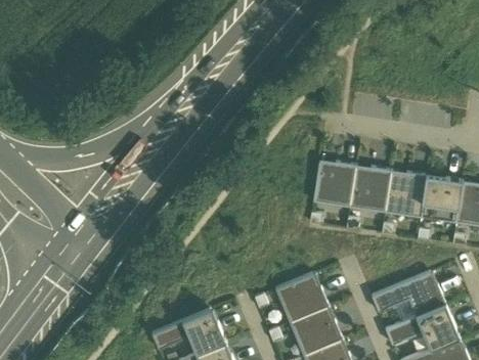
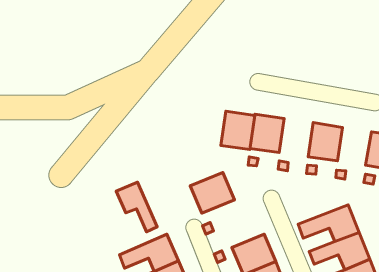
building: [348,165,390,212] -> [221,111,255,150]
building: [420,176,462,222] -> none
building: none -> [116,182,157,232]
building: [275,273,330,323] -> [190,173,234,213]

